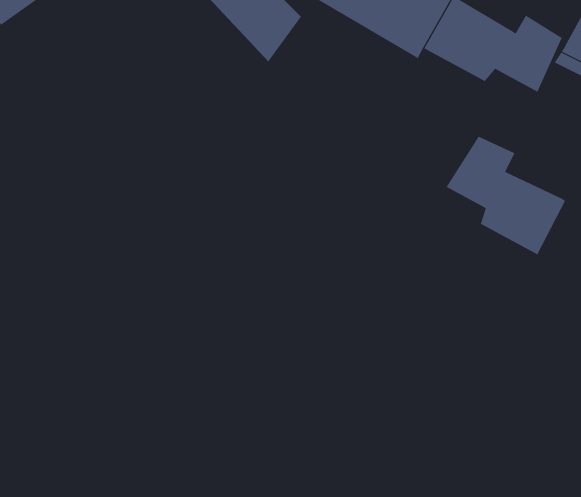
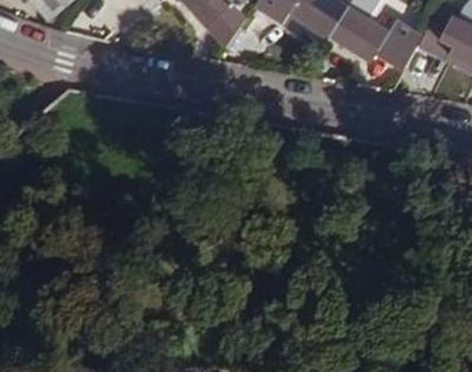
building: [446,136,566,255] -> none

